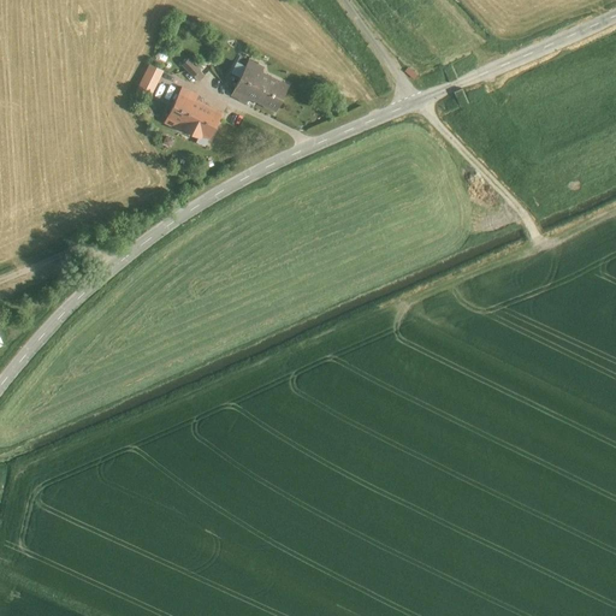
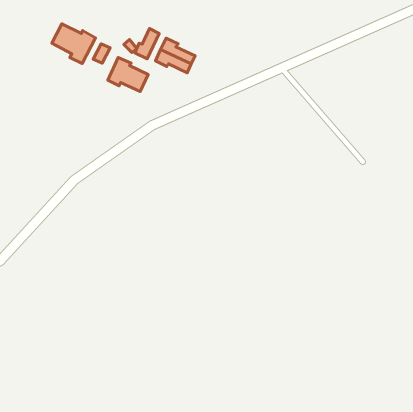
building: none -> [52,24,96,63]
building: none -> [135,29,159,59]

